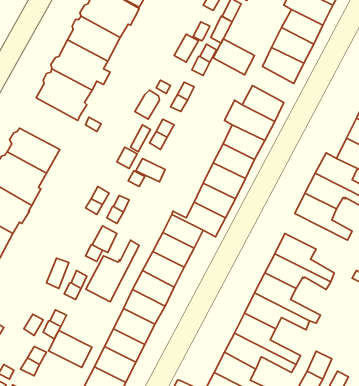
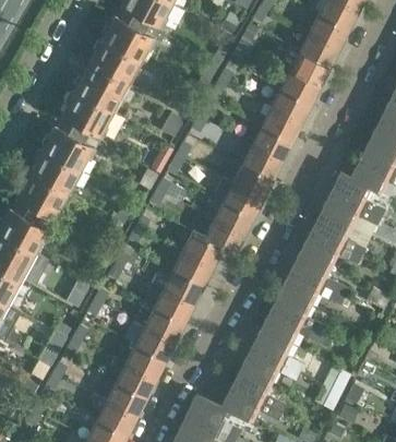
building: [213,39,255,75] -> [269,88,310,123]
building: none -> [41,119,99,169]
building: none -> [301,231,362,266]
building: [86,240,139,302] -> none
building: [48,331,92,368] -> none

